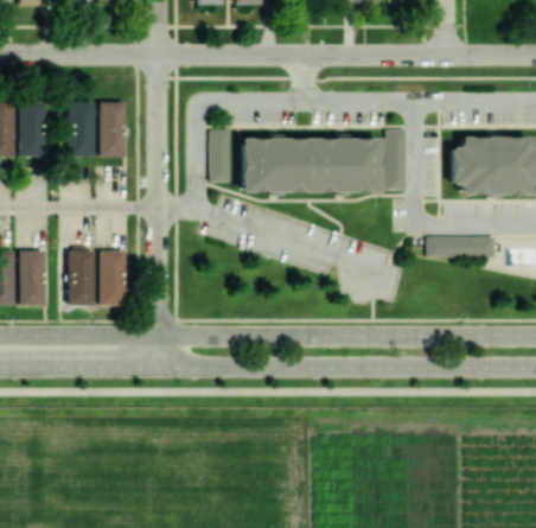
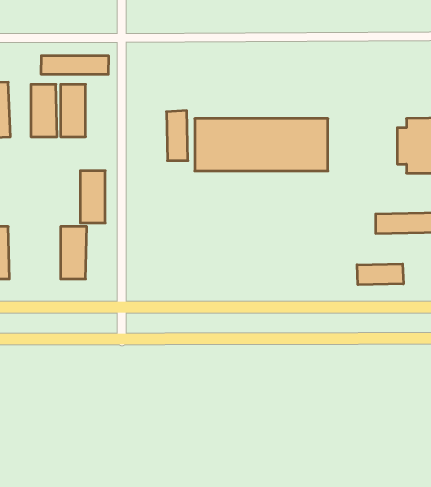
building: none -> [41,56,108,74]
building: [385,128,408,190] -> none
building: [69,250,95,305] -> [80,171,105,223]
building: none -> [357,264,403,285]

